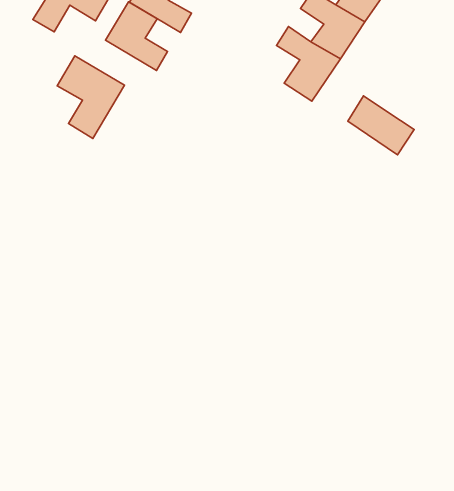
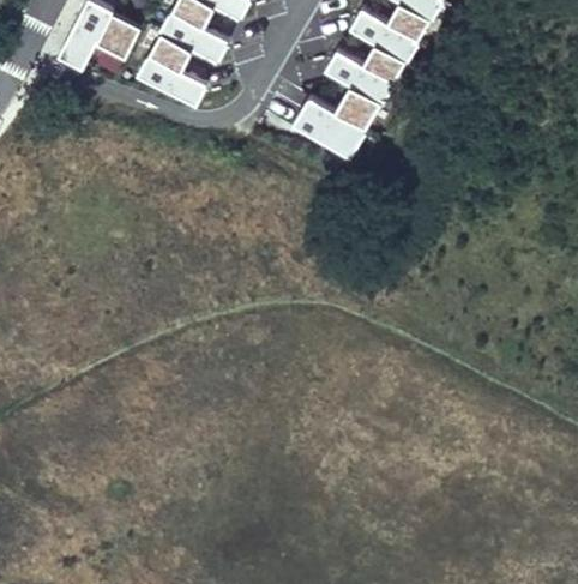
building: [57,56,125,138] -> none
building: [348,96,414,155] -> [293,97,366,159]

